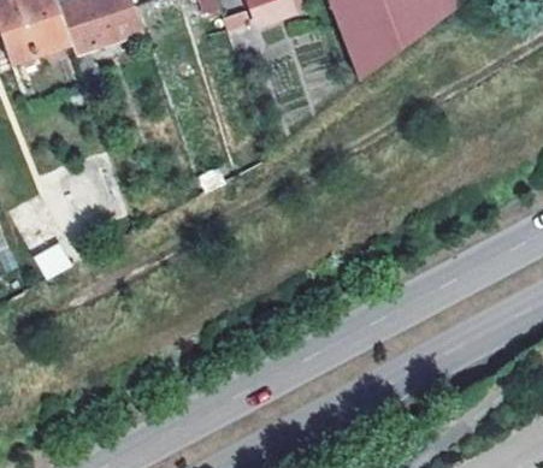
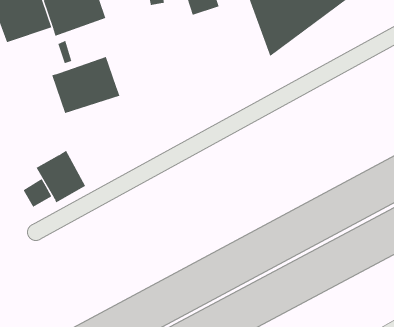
building: none -> [51,56,120,114]
building: none -> [36,150,86,203]

